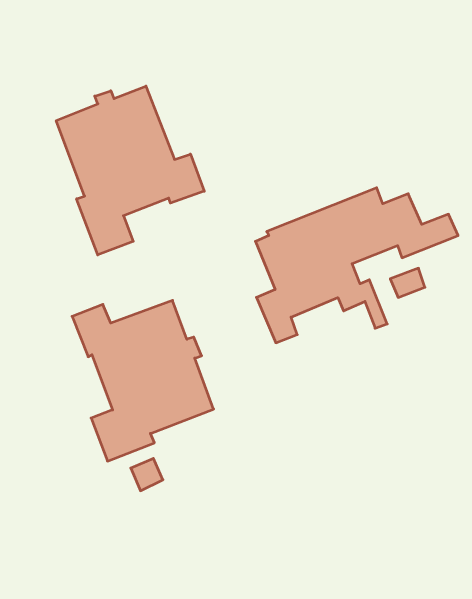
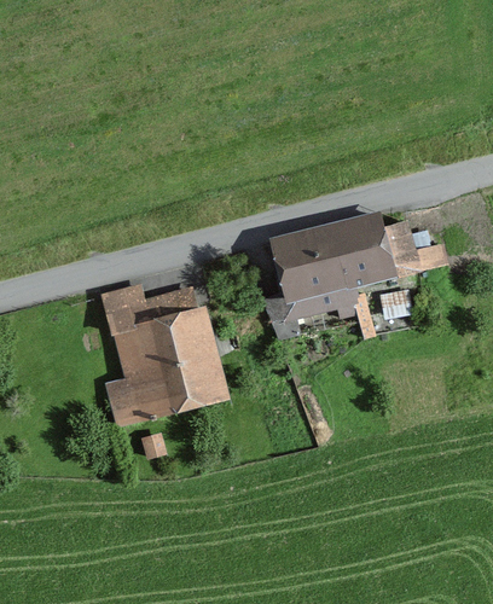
building: [56,86,204,255] -> none

